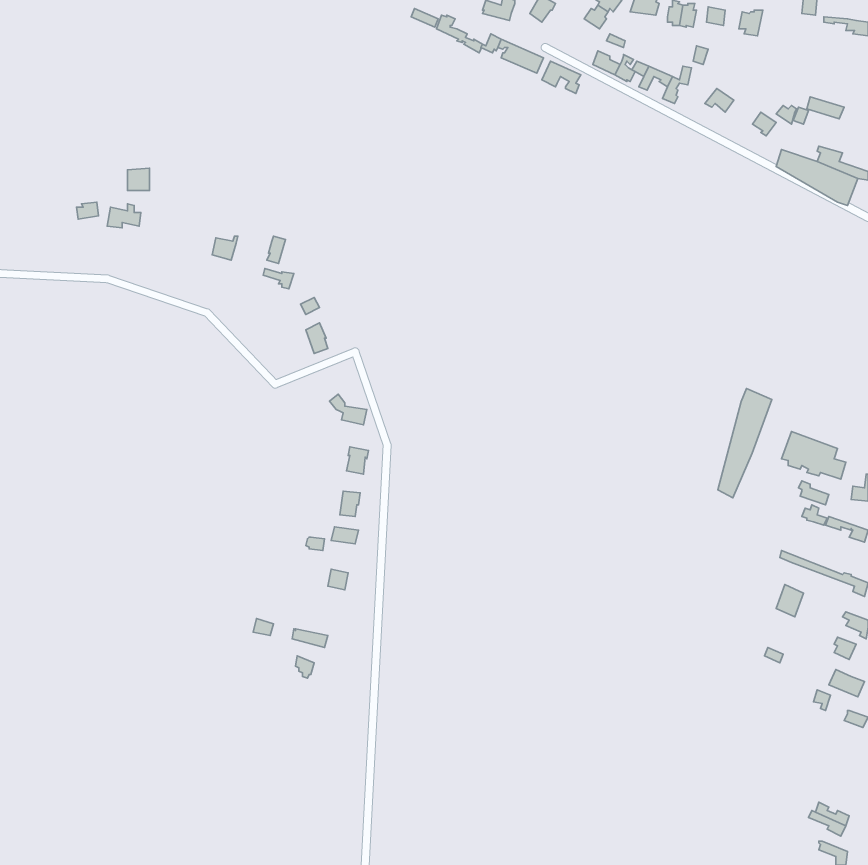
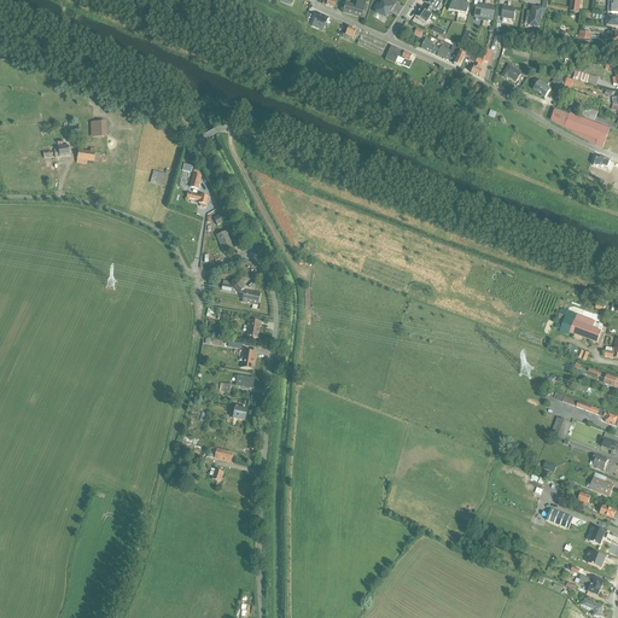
building: [718,389,772,498] -> none

